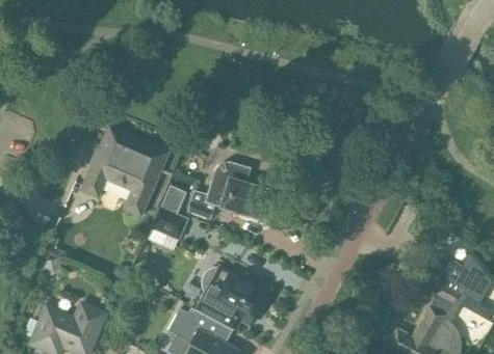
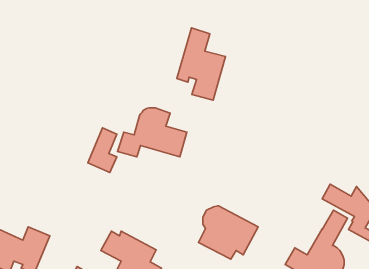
building: none -> [177,28,225,100]
building: [81,129,167,216] -> none
building: [197,266,267,329] -> [198,206,258,259]

